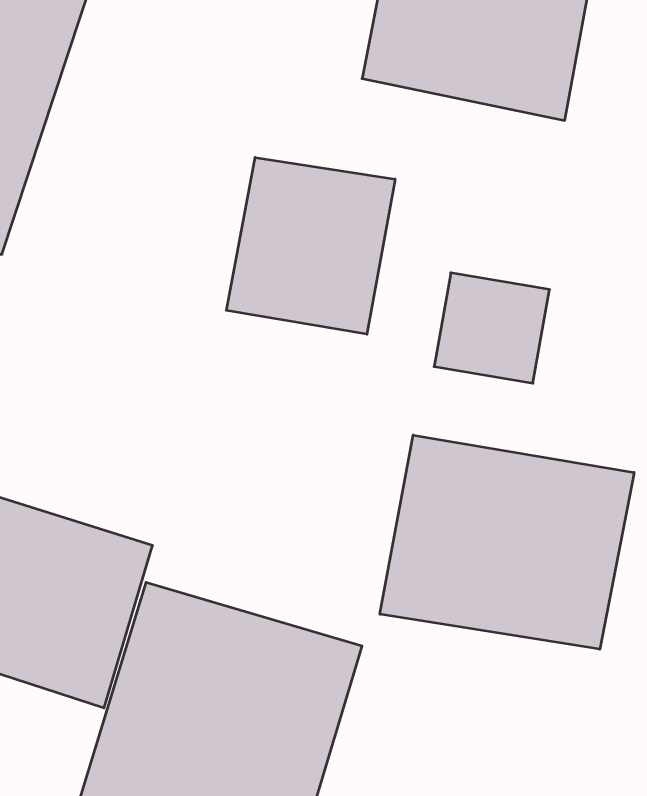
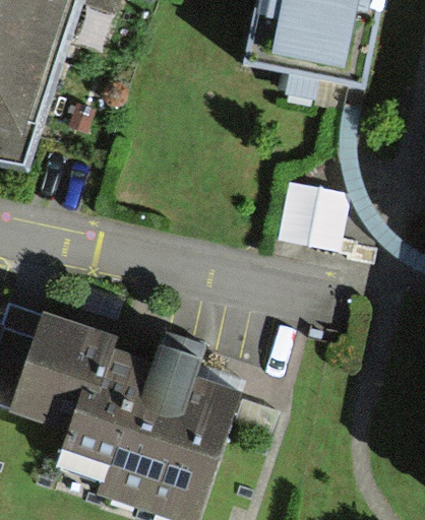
building: [226,157,395,334] -> none
building: [380,435,634,649] -> none

